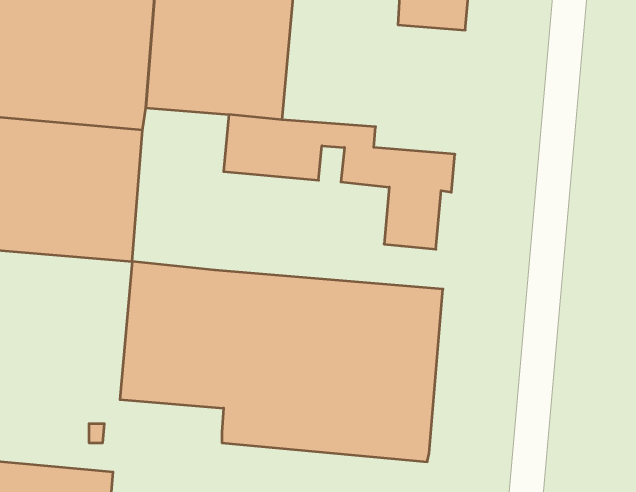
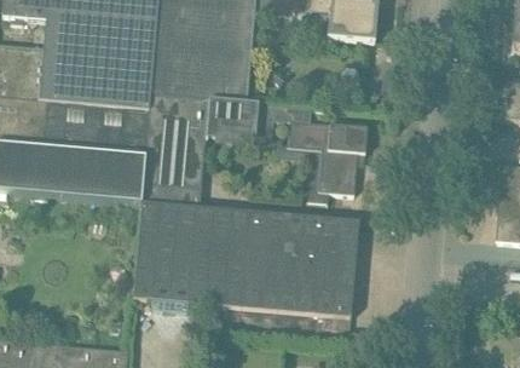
building: none -> [140,92,208,206]

